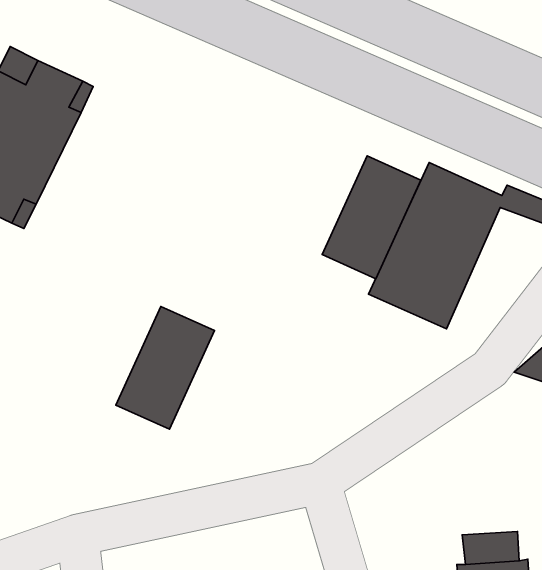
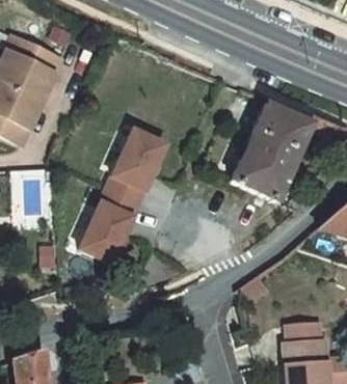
building: [322,156,421,279] -> [105,131,164,204]

